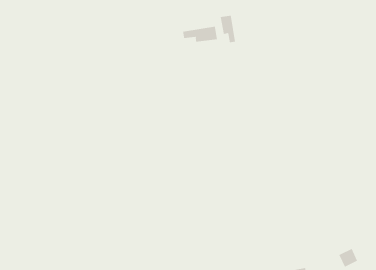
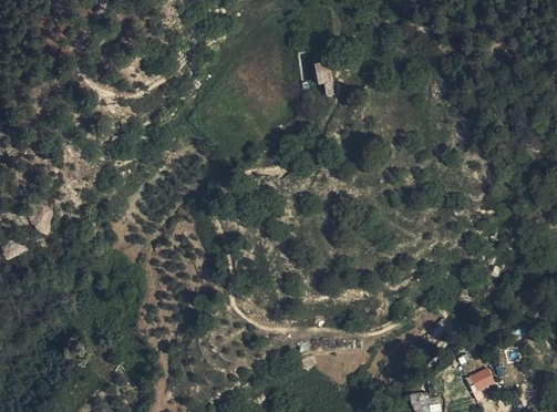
building: [182,26,218,42] -> none

